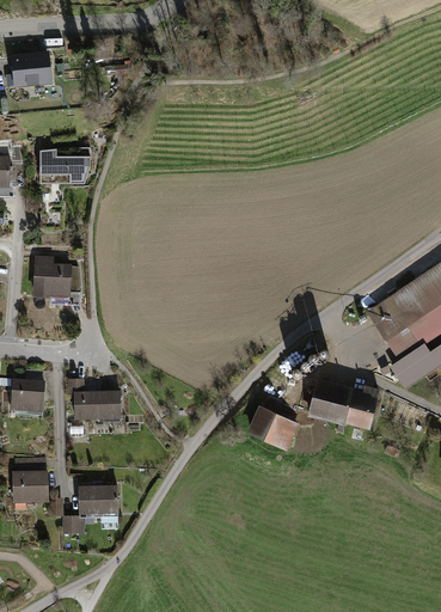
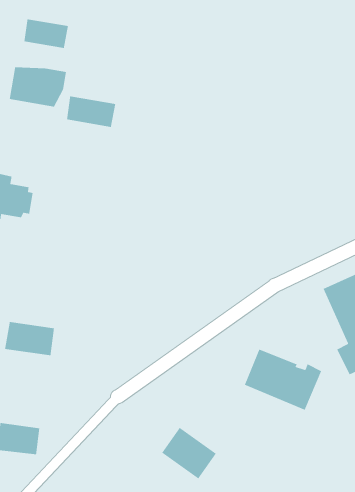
building: none -> [24,18,69,49]
building: none -> [66,96,116,128]
building: [245,404,298,451] -> [161,427,217,479]

